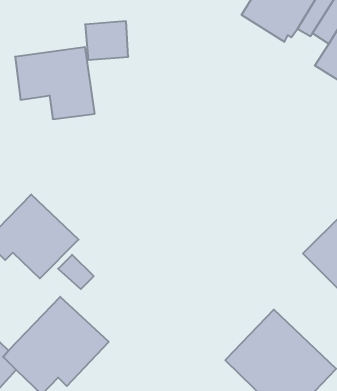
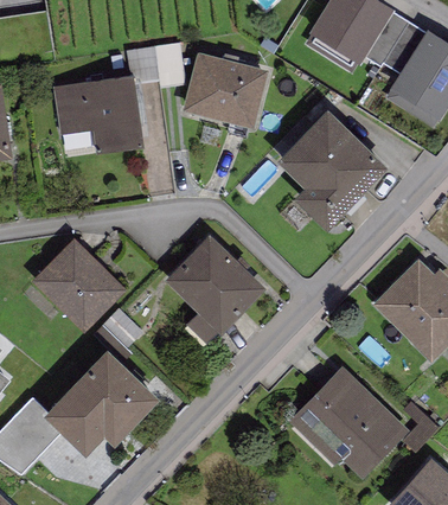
building: none -> [181,52,268,129]
building: none -> [276,111,386,232]
building: none -> [165,235,265,341]

